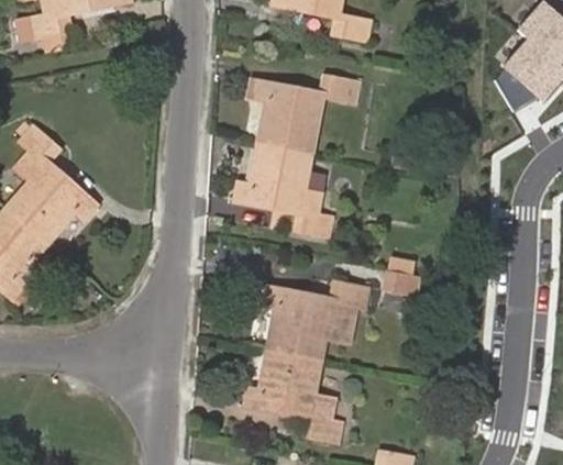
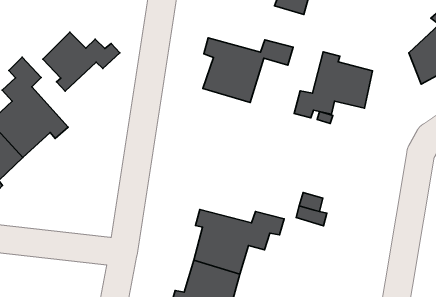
building: none -> [294,52,373,118]
building: none -> [43,32,120,91]
building: [232,142,332,236] -> none

